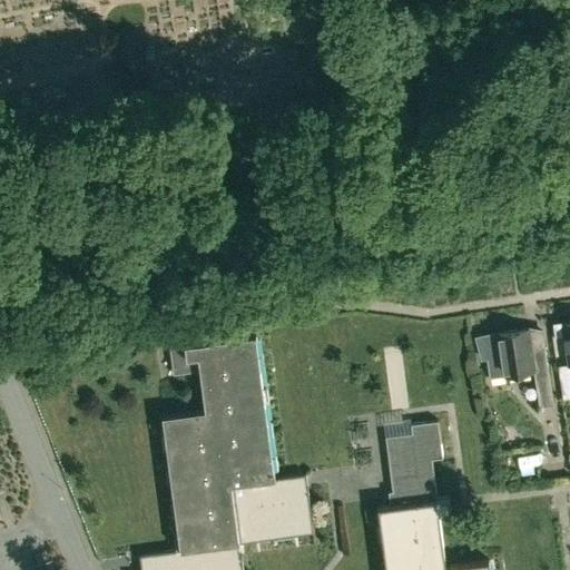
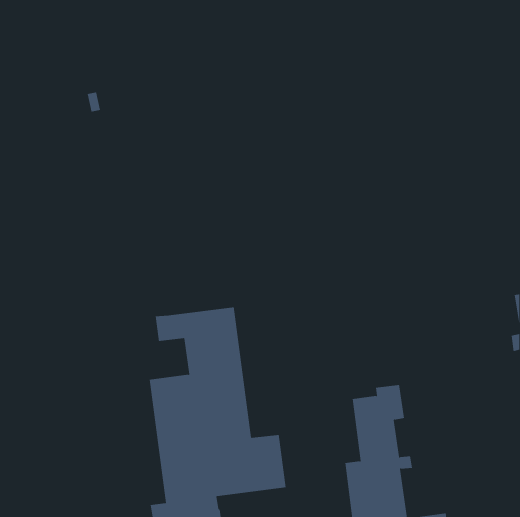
building: [476,332,552,410] -> none

